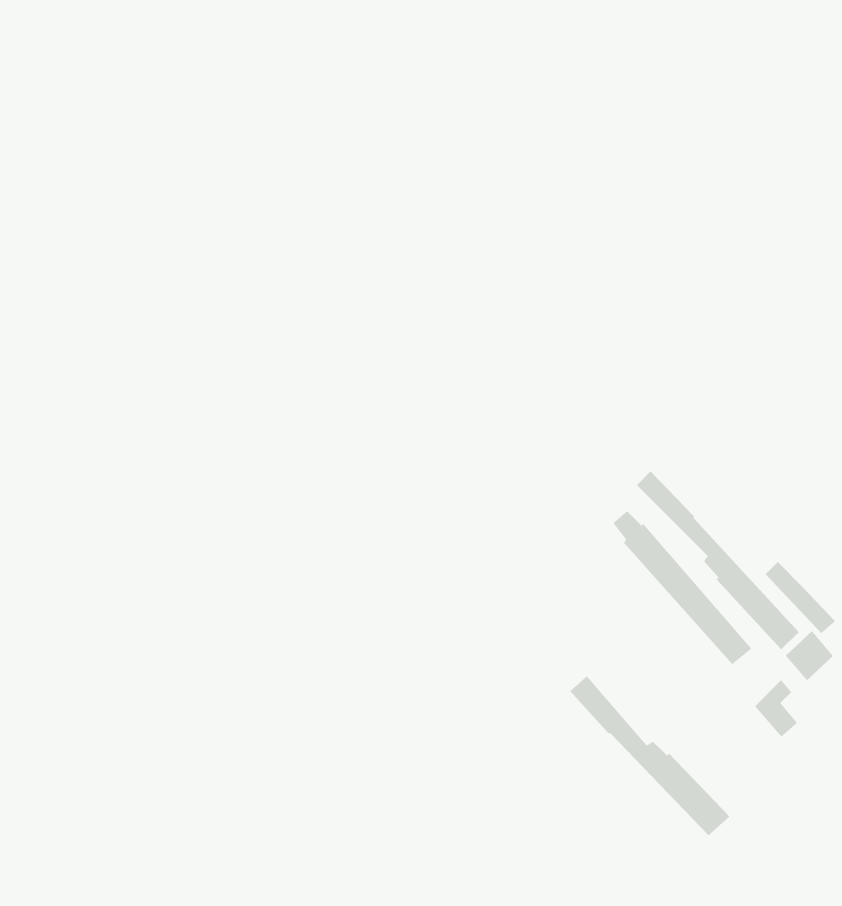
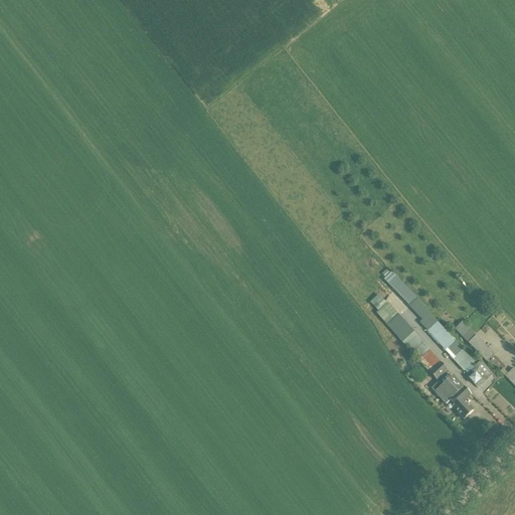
building: none -> [432,374,464,402]
building: [570,675,730,836] -> none

